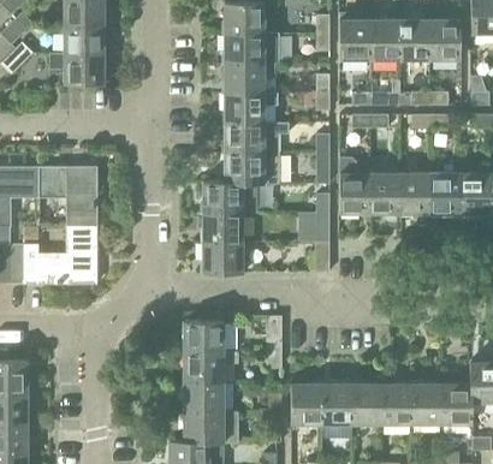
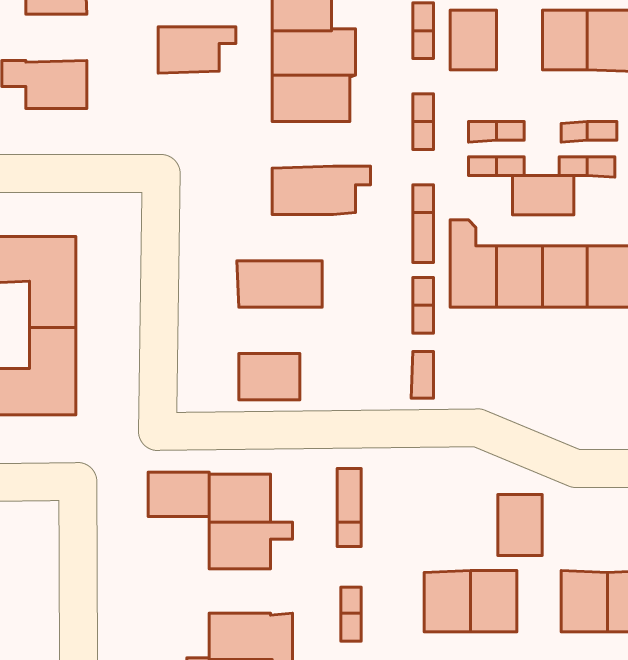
building: [369,20,399,59] -> none
building: [64,23,103,54] -> none
building: [224,93,274,123] -> [158,27,236,73]
building: none -> [513,175,574,215]
building: [224,151,279,183] -> none
building: [202,213,242,243] -> none
building: [183,382,222,411] -> [148,472,209,517]
building: [382,383,411,423] -> [498,494,542,556]
building: [291,385,322,423] -> none

